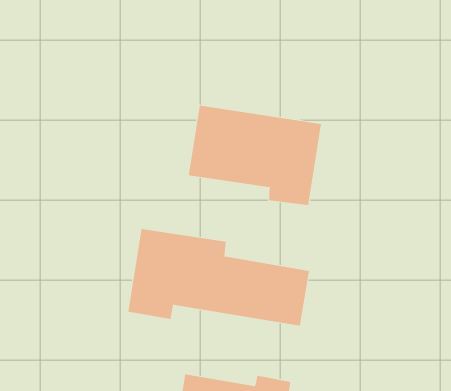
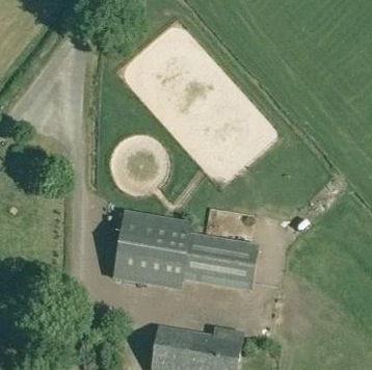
building: [188,105,321,206] -> none

